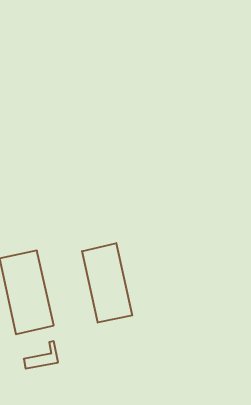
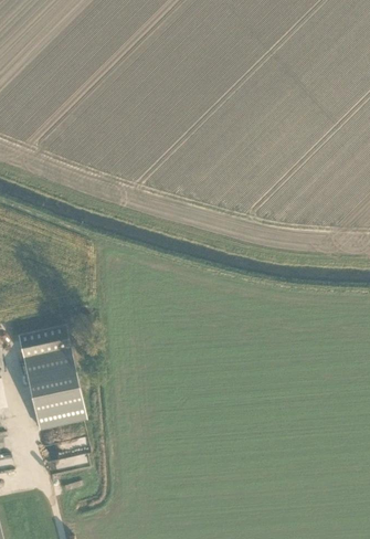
building: [82,243,132,323] -> none

